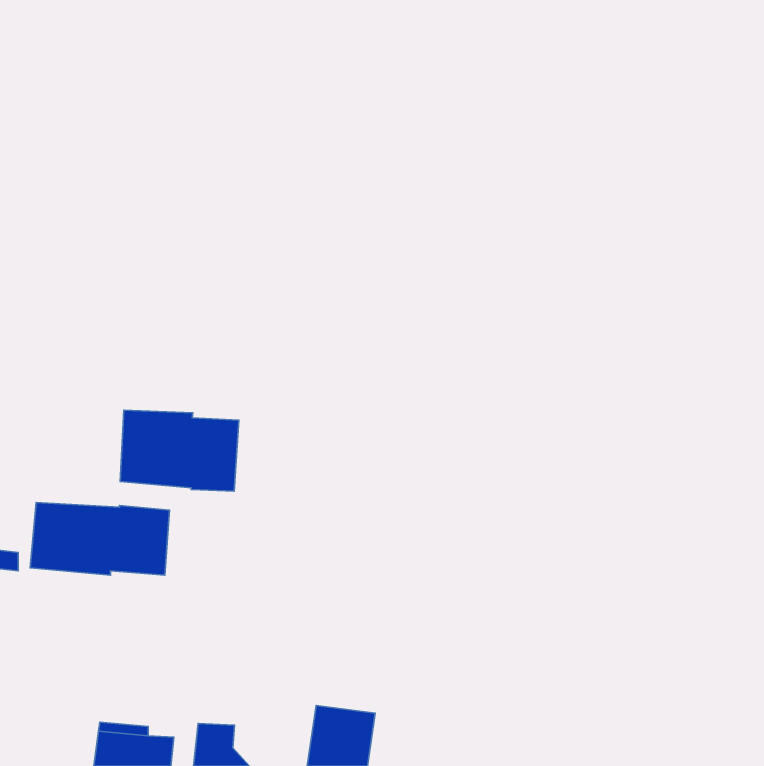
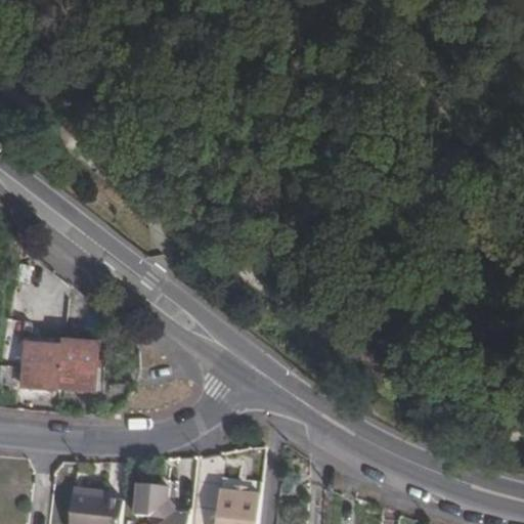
building: [120,410,239,491] -> none

